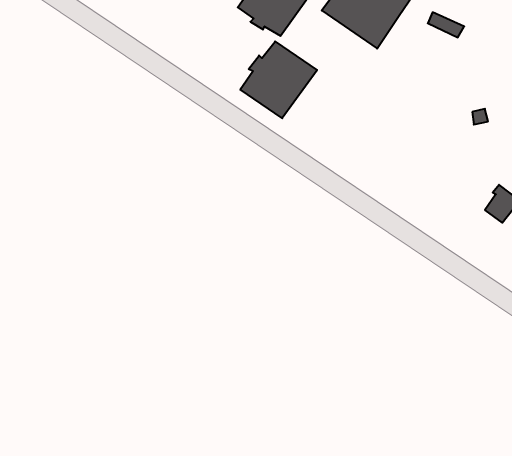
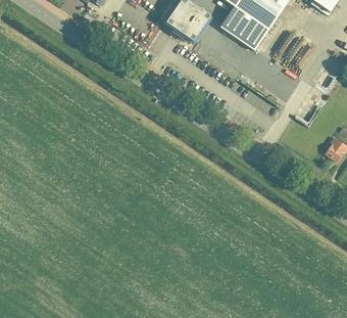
building: [240,41,317,118] -> none

